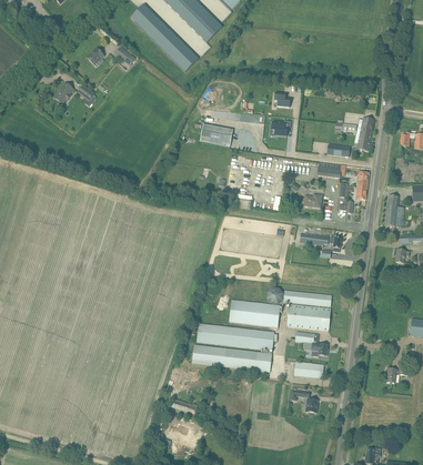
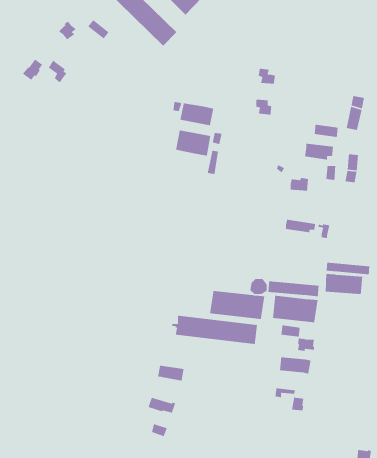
building: none -> [175,129,211,156]
building: none -> [325,262,370,295]
building: [192,344,272,371] -> none

